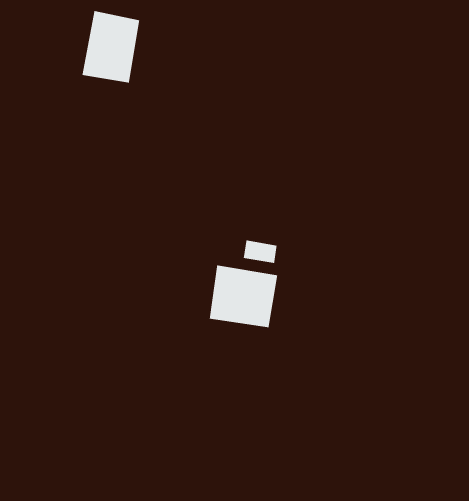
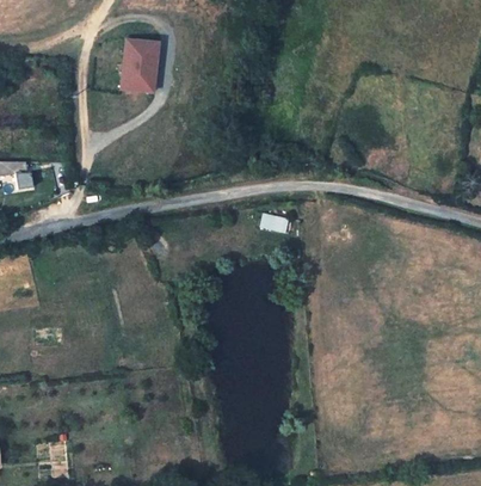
building: [209,264,278,328] -> none

